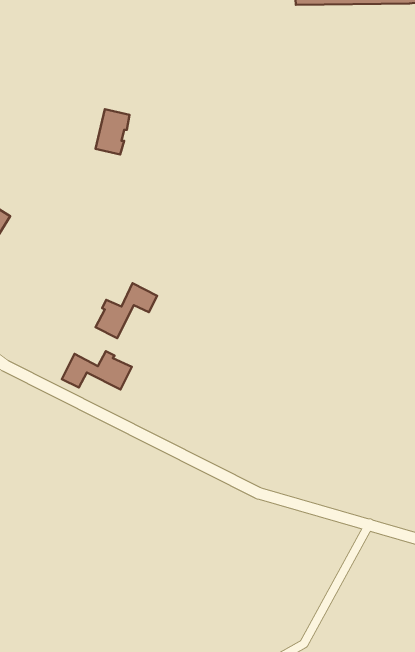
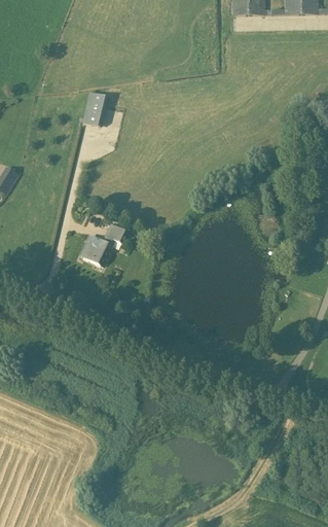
building: [62,351,132,389] -> none

